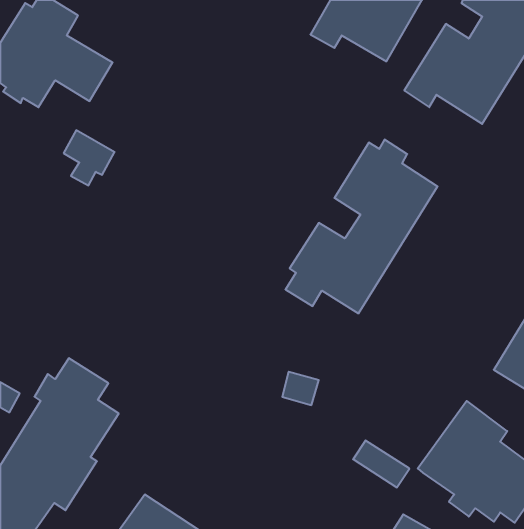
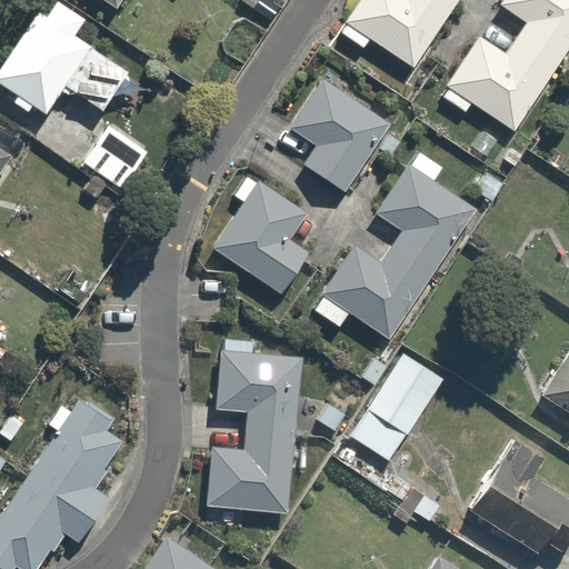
building: none -> [284,69,399,198]
building: none -> [207,172,312,293]
building: none -> [206,339,300,513]
building: none -> [351,358,447,468]

